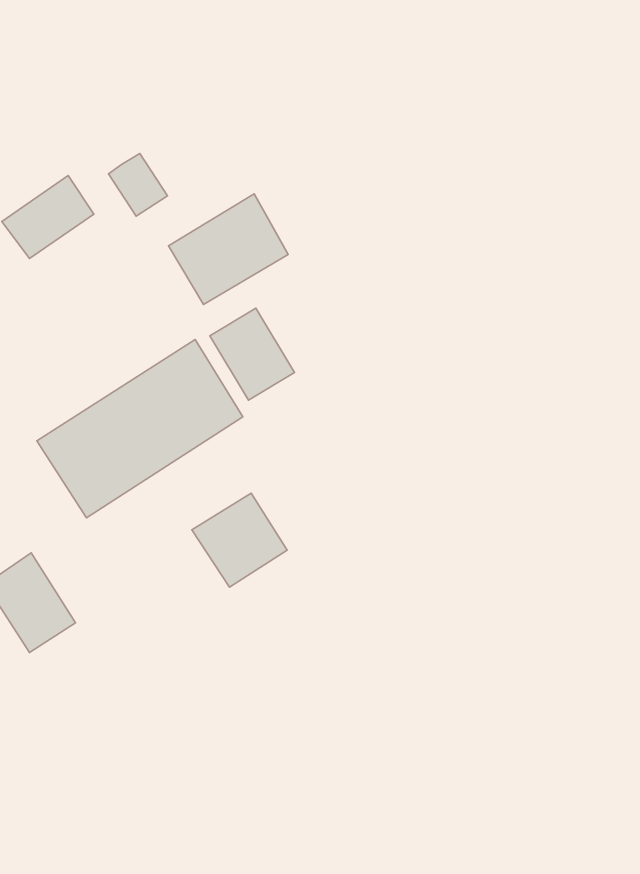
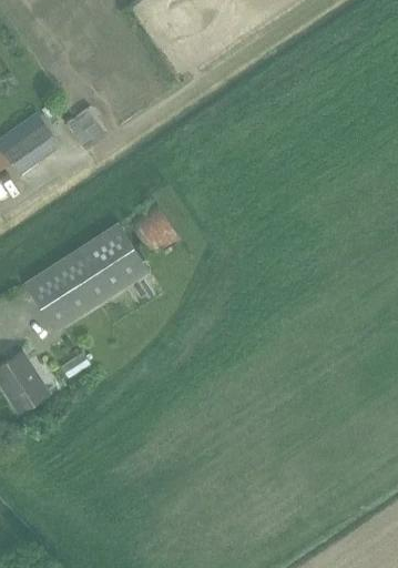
building: [168,194,288,305] -> none
building: [192,493,287,587] -> none

